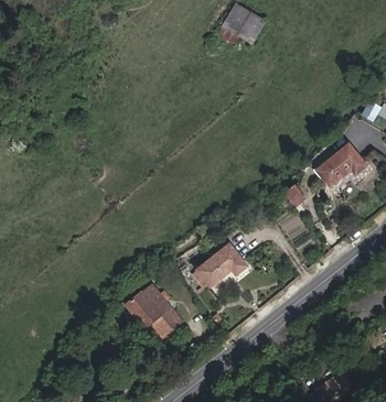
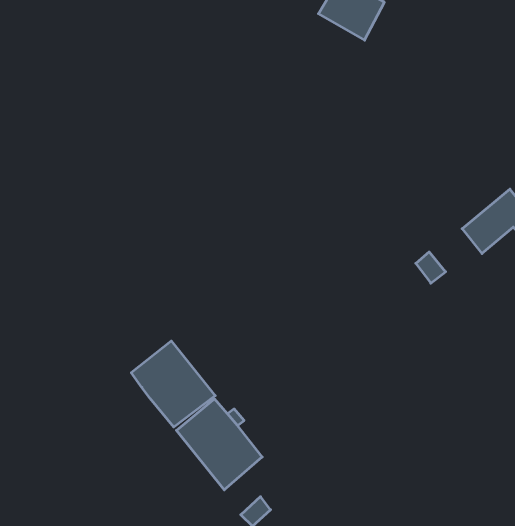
building: [196,243,246,286] -> none
building: none -> [131,341,215,427]

